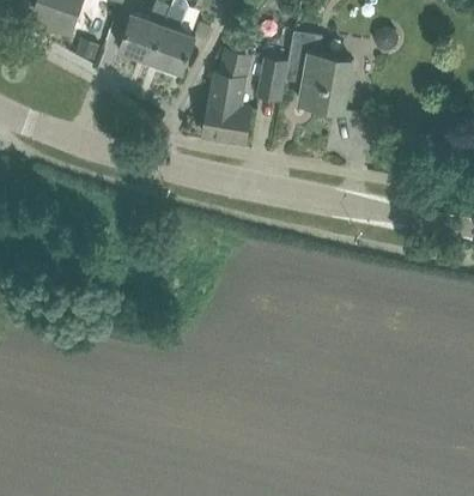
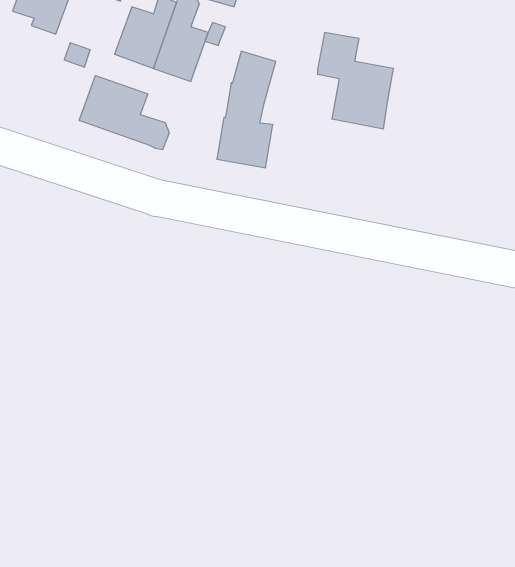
building: [256,61,286,103] -> none
building: none -> [79,76,169,150]

